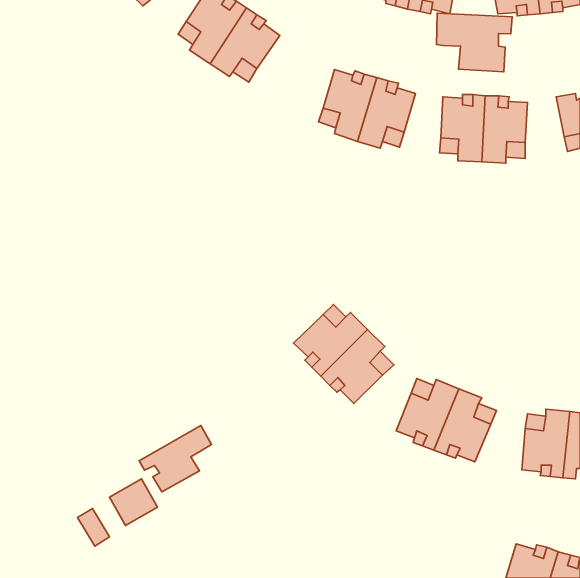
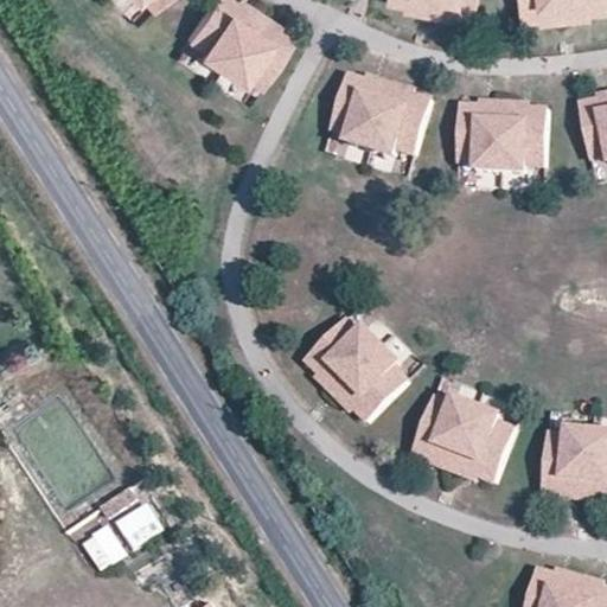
building: [437,13,512,72] -> none
building: [139,426,212,492] -> none

